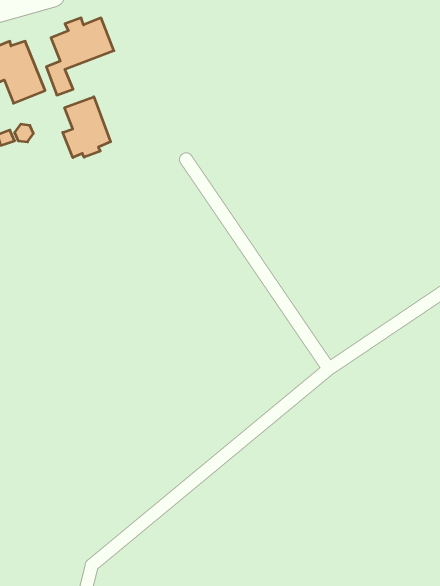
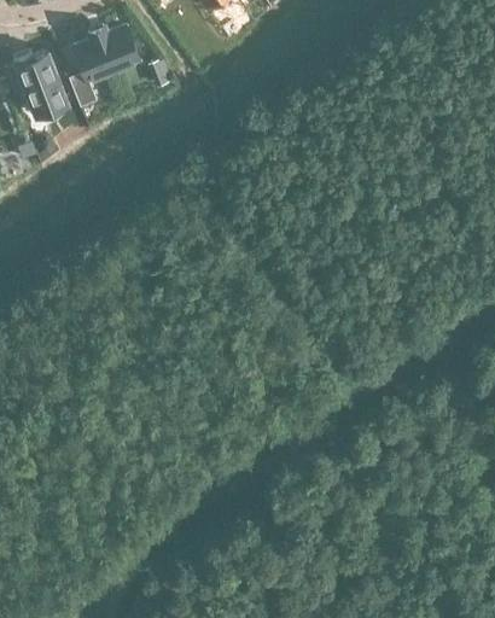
building: [63,97,111,158] -> none

